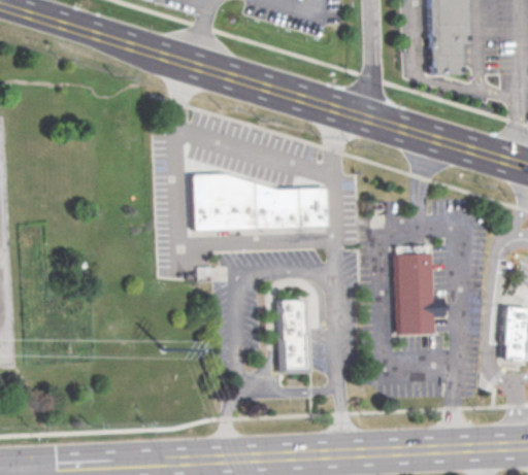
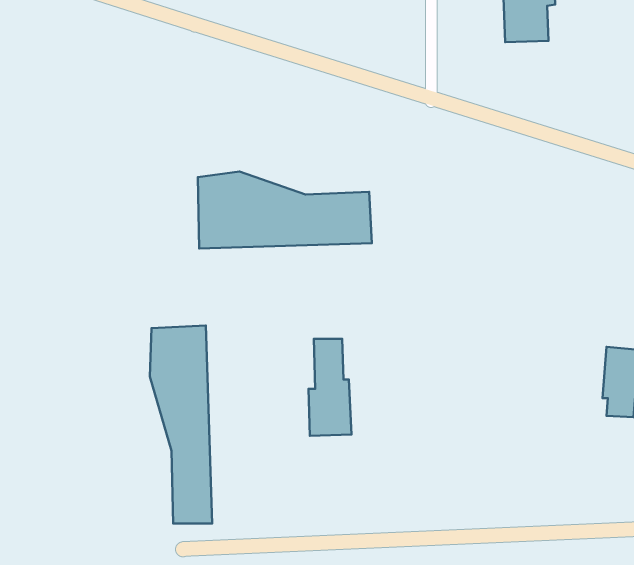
building: [395,253,444,334] -> none
building: none -> [150,325,212,524]

